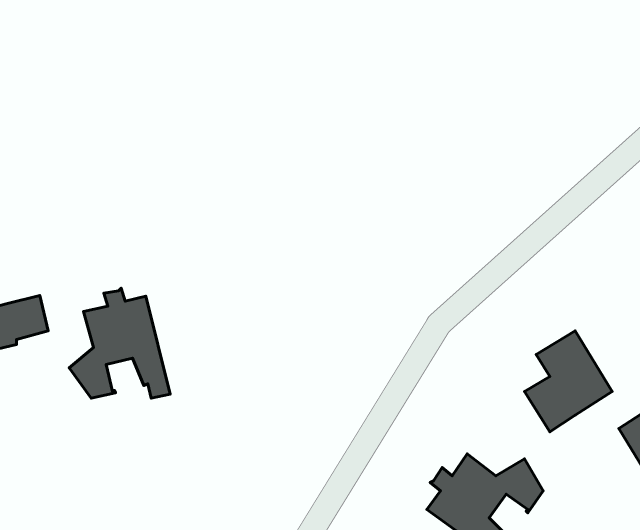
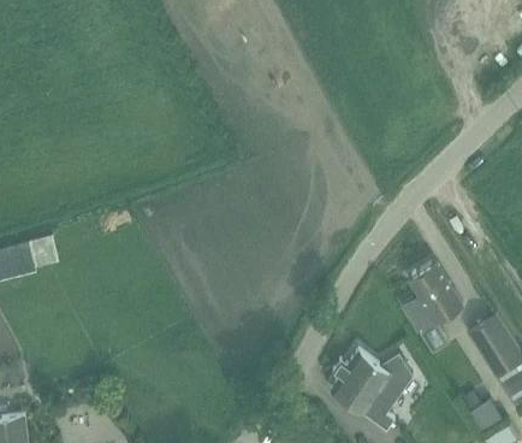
building: [69,288,170,398] -> none

